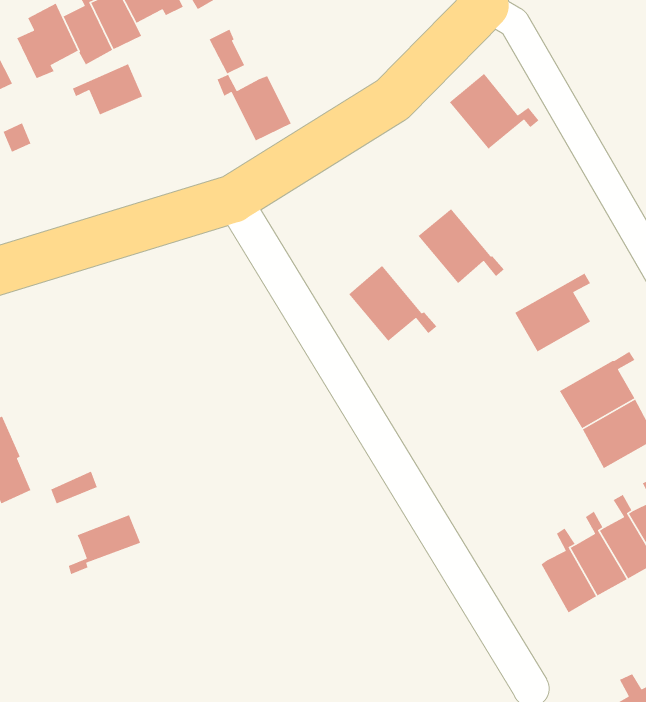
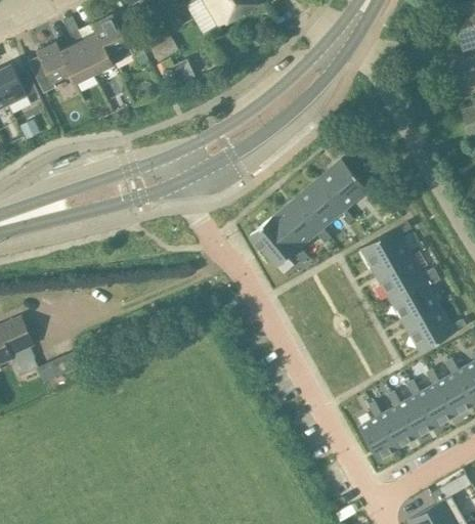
building: [72,63,143,116] -> none
building: [449,73,539,150] -> [318,159,379,210]
building: [216,74,292,141] -> none
building: none -> [272,196,332,248]
building: none -> [376,254,437,300]
building: [68,514,141,575] -> none
building: none -> [358,401,396,458]

